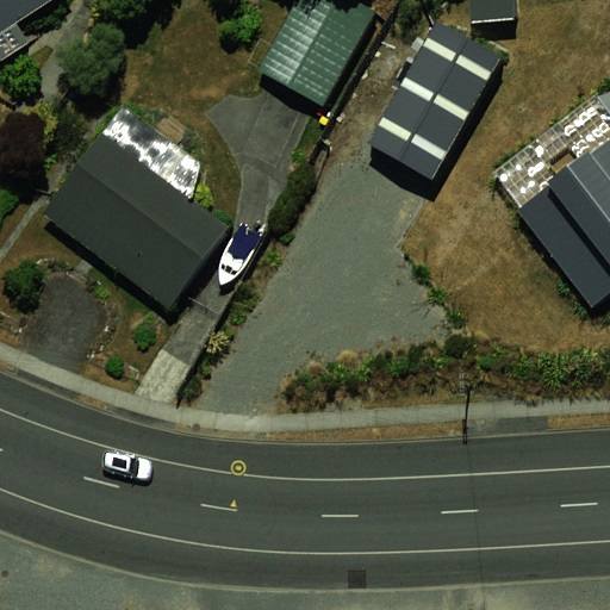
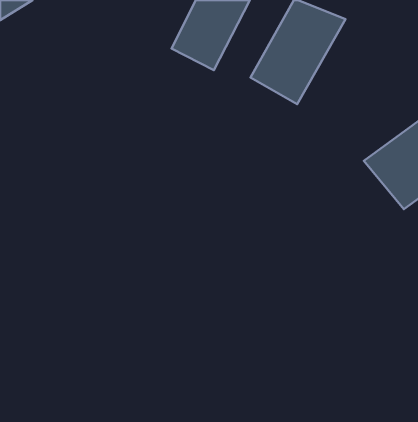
building: [56,147,234,303] -> none

